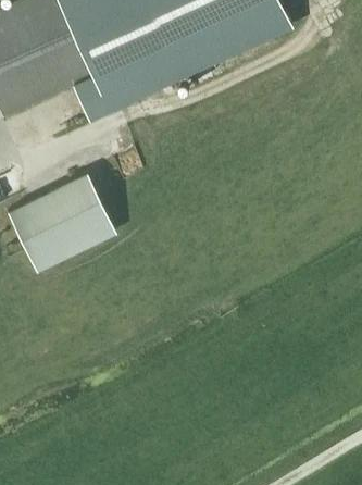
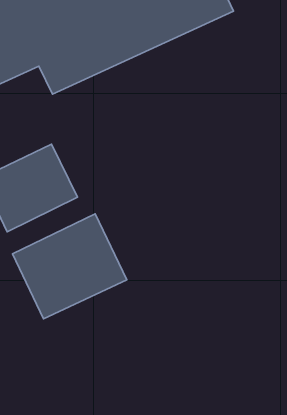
building: none -> [13,214,127,319]

